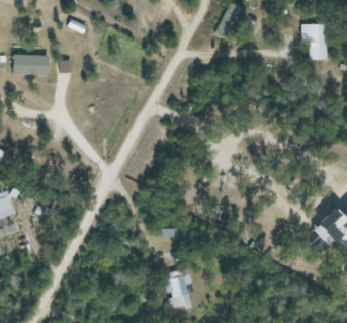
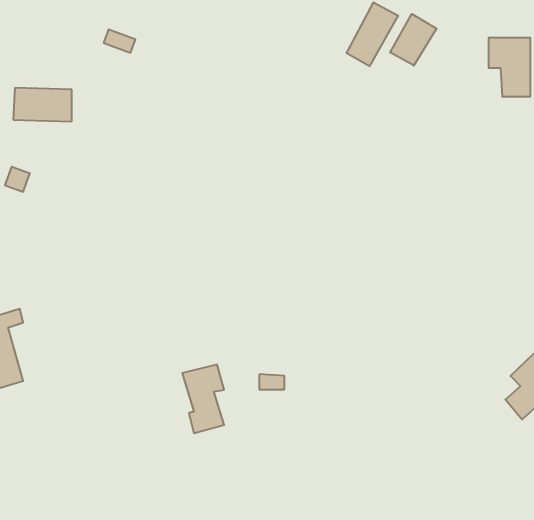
building: none -> [390,14,436,66]
building: [165,268,190,310] -> [182,365,224,433]

